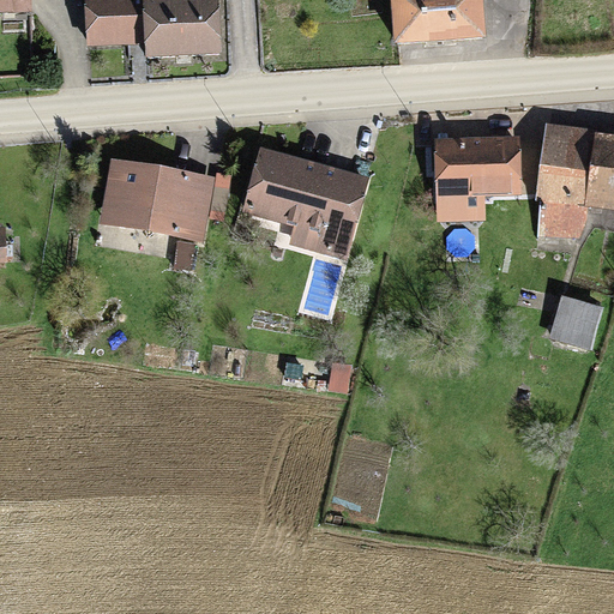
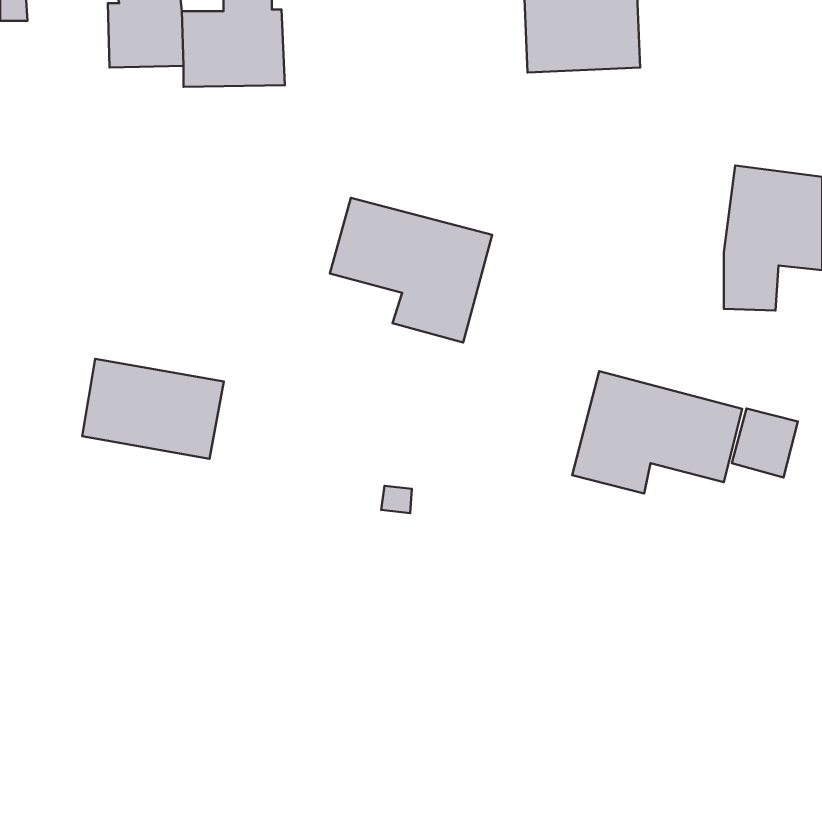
building: [438,137,524,215] -> none
building: [104,159,210,234] -> [82,359,224,459]
building: none -> [572,371,742,493]

